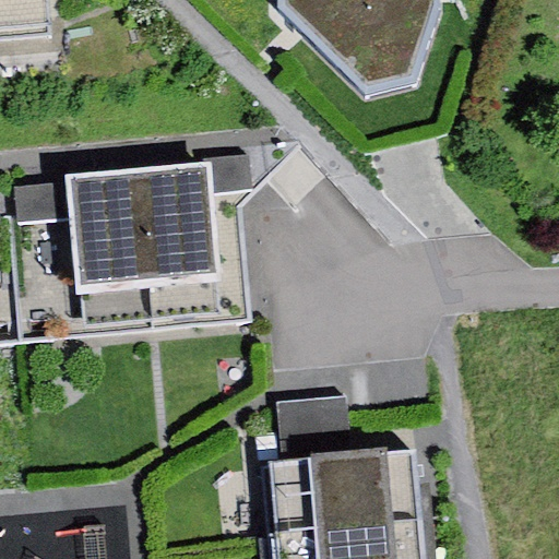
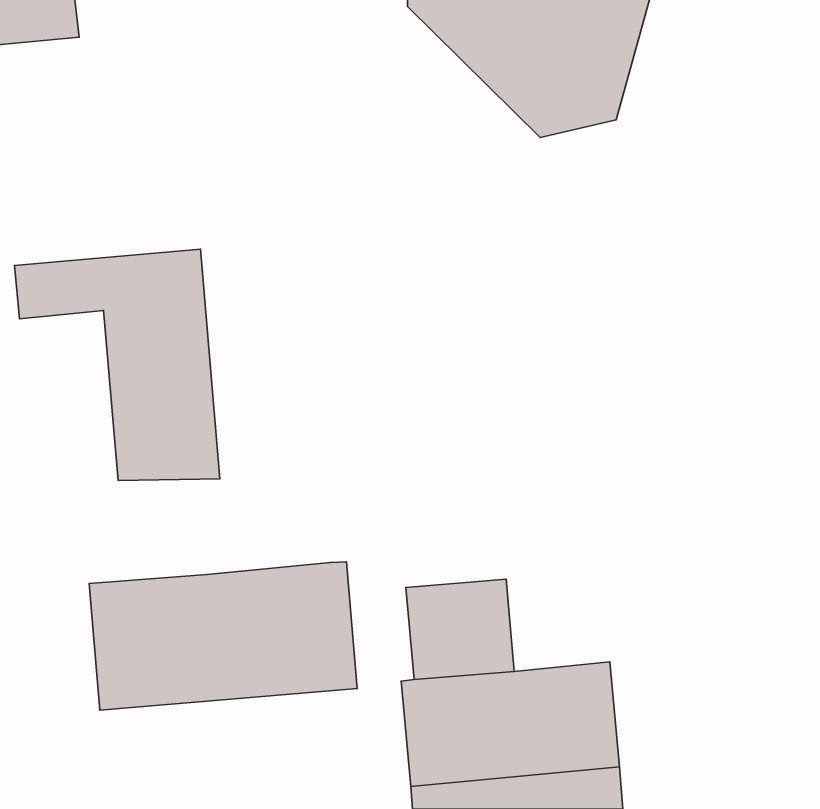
building: [135,146,251,323] -> none
building: none -> [89,562,357,710]

